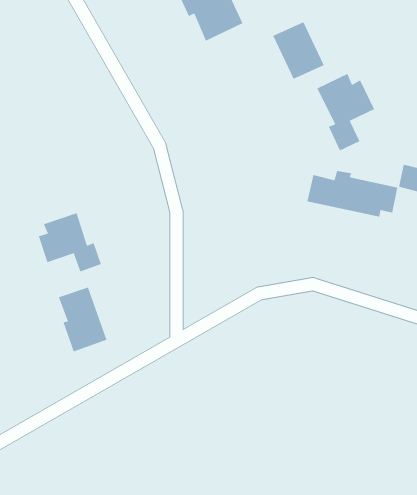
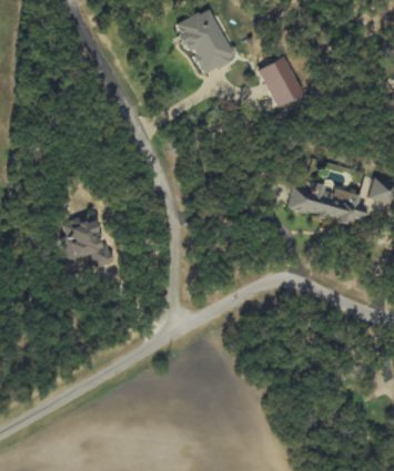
building: [316,73,375,151] -> none
building: [58,287,107,352] -> none

